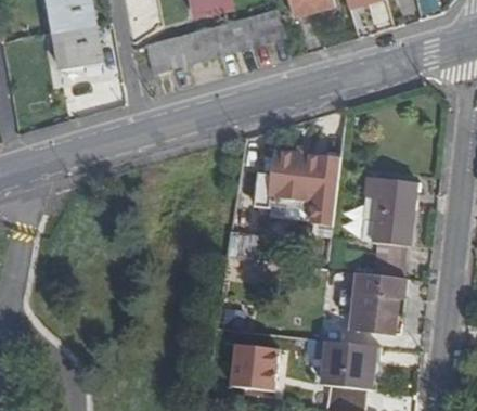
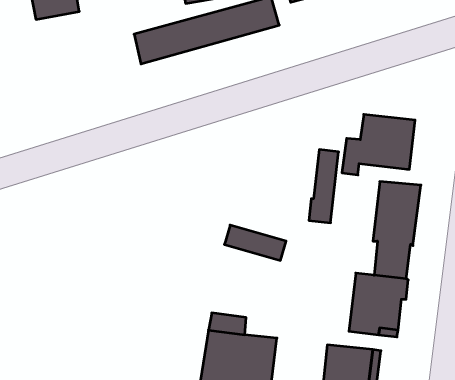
building: [52,24,101,69] -> none
building: [252,150,321,207] -> [342,114,415,175]

